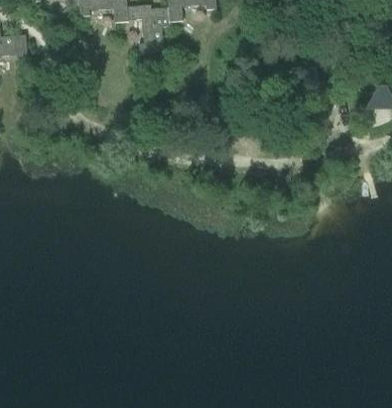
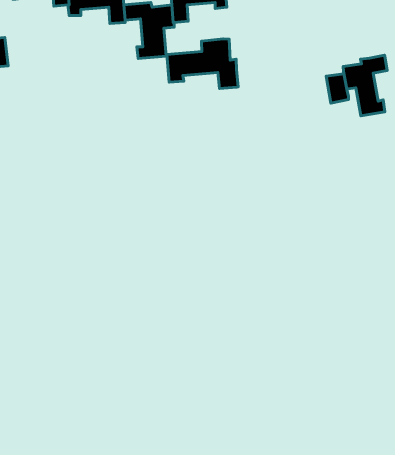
building: none -> [167,39,238,89]
building: none -> [343,55,387,116]

